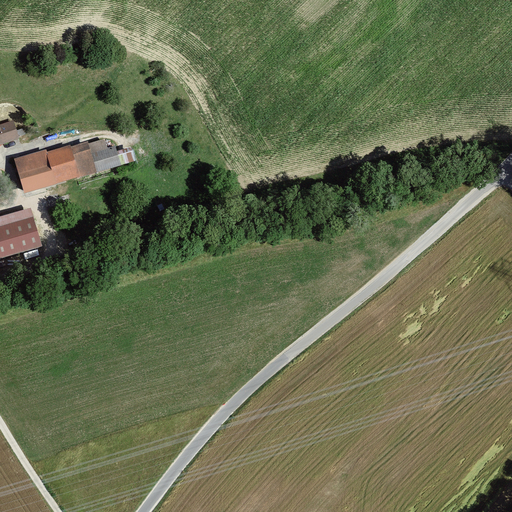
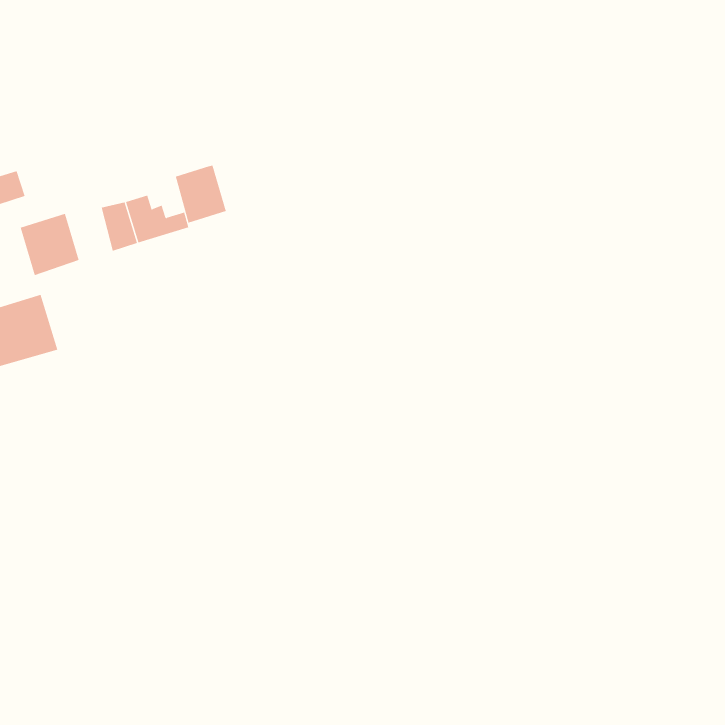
building: none -> [175,165,227,224]
building: [47,146,79,183] -> none

